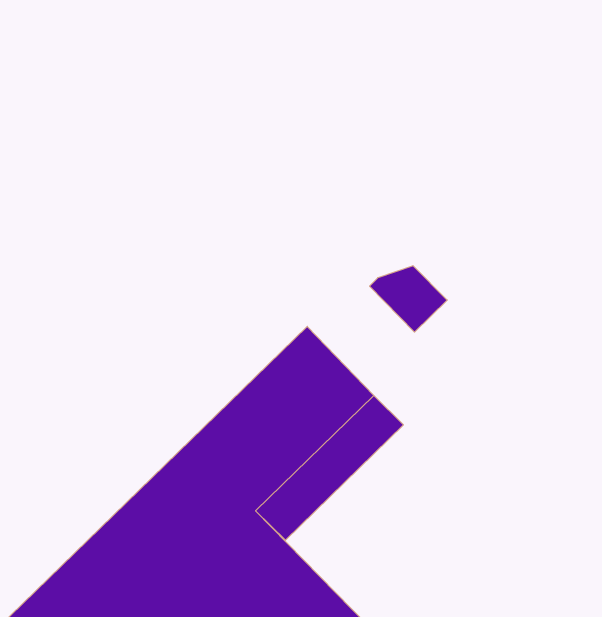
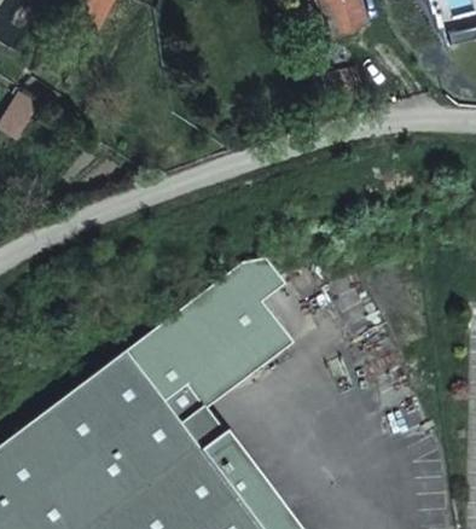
building: [370,266,447,332] -> [237,257,286,301]

